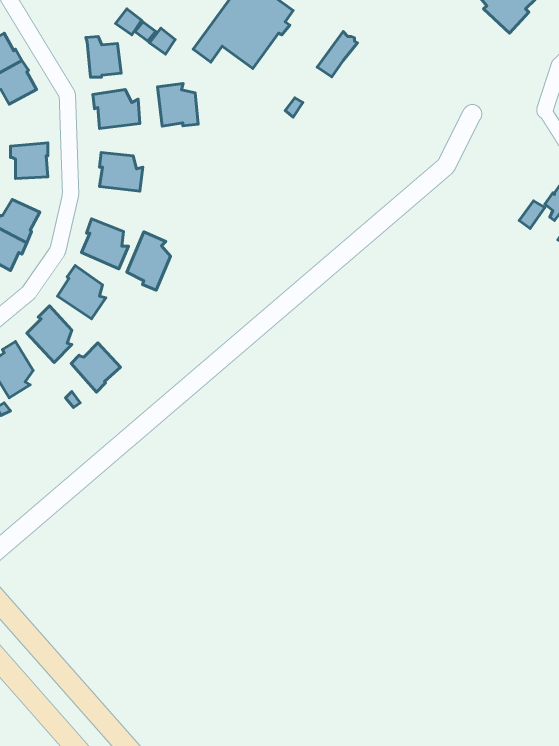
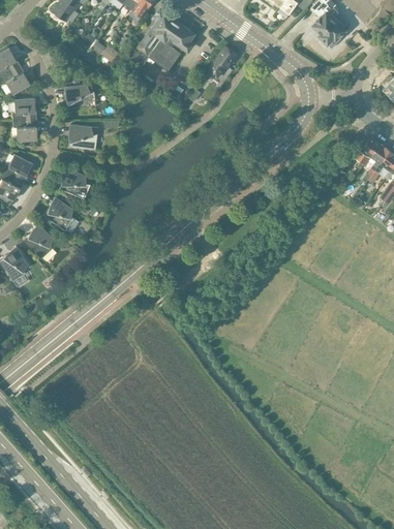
building: [86,36,121,77] -> none
building: [158,84,198,126] -> none
building: none -> [12,98,37,121]
building: [127,232,171,290] -> none
building: [71,343,121,392] -> none

